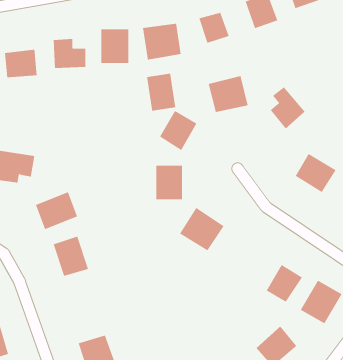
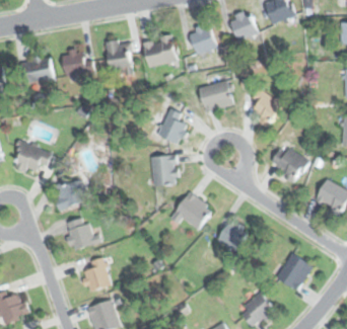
building: [147,73,176,112] -> none
building: [266,264,303,302] -> [217,219,249,251]
building: none -> [83,257,112,292]

